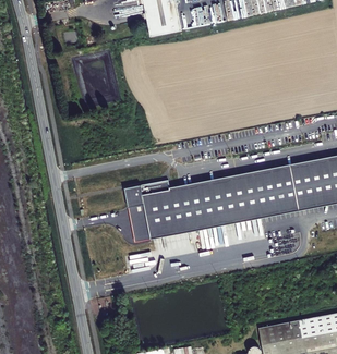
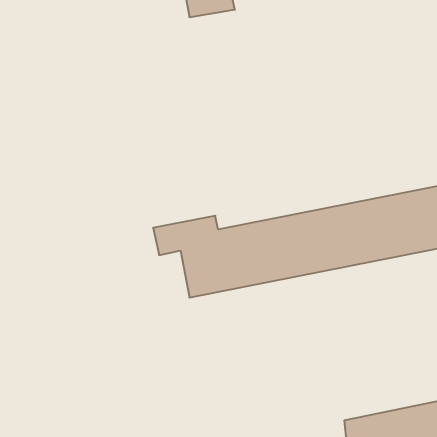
building: [127,204,148,242] -> none

